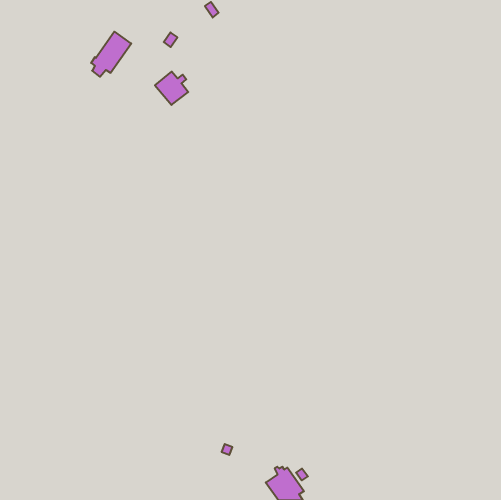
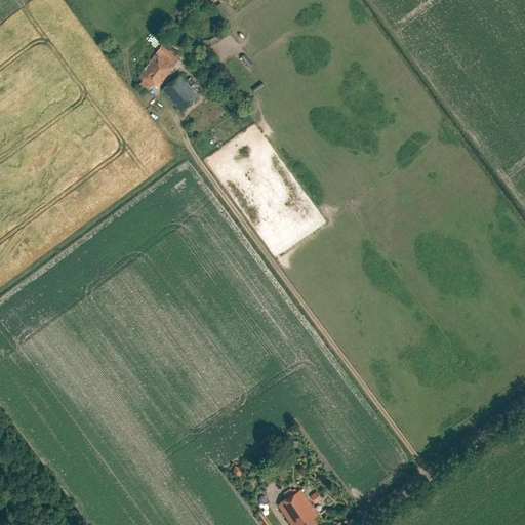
building: [91,32,131,77] -> [138,44,180,91]

